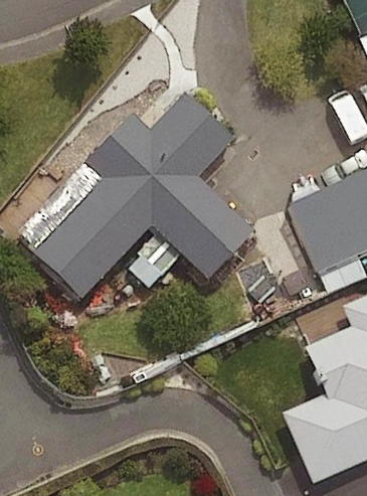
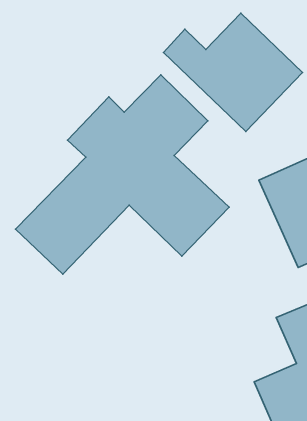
building: none -> [163,13,302,131]

